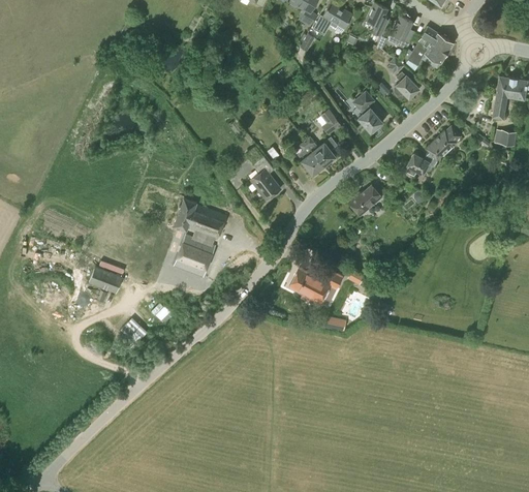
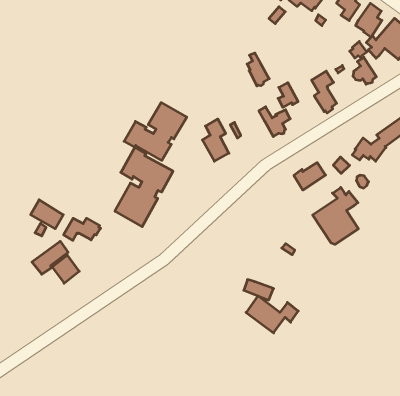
building: [298,142,322,175] -> [247,53,269,86]
building: none -> [124,103,187,160]
building: none -> [313,187,358,244]
building: [289,268,342,303] -> [246,296,298,333]
building: none -> [64,218,101,240]
building: none -> [32,241,68,274]

